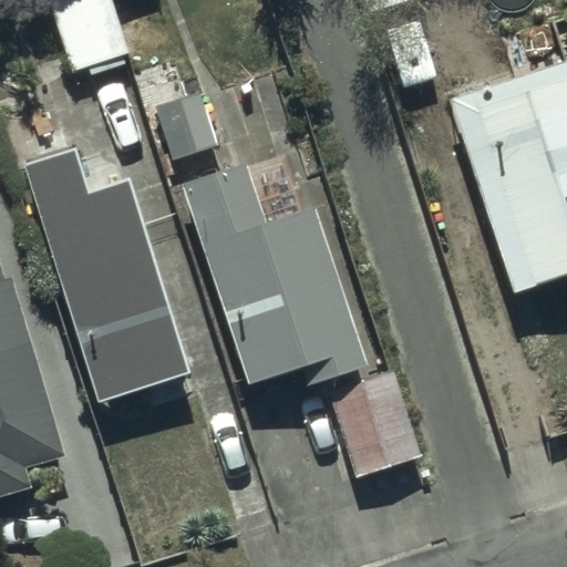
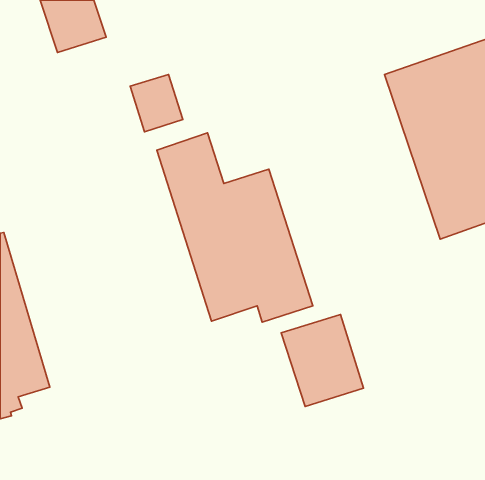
building: [25,150,186,402] -> none

